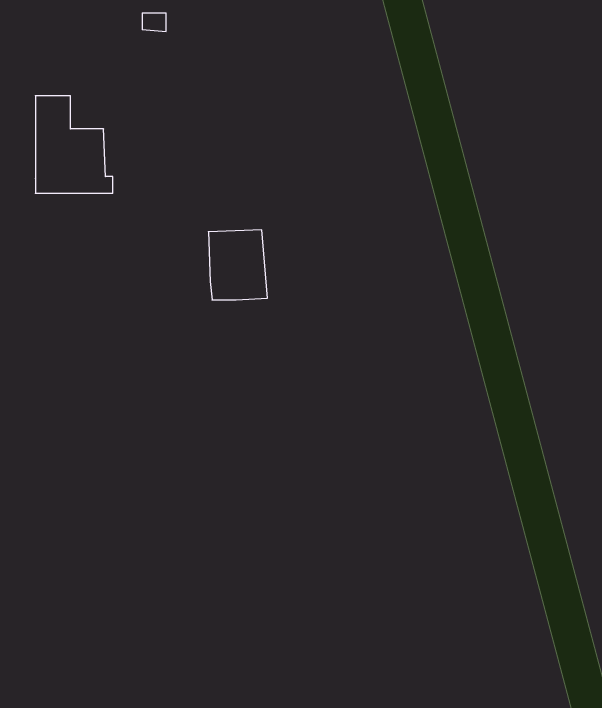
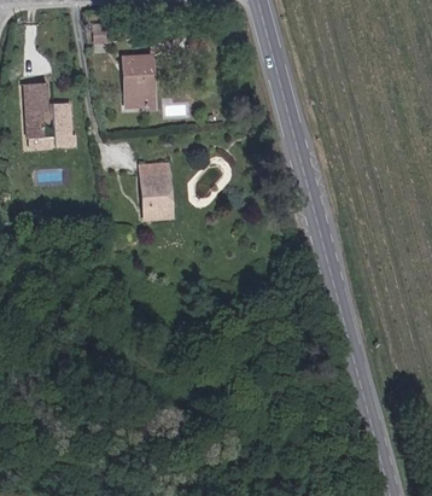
building: none -> [122,57,156,106]

